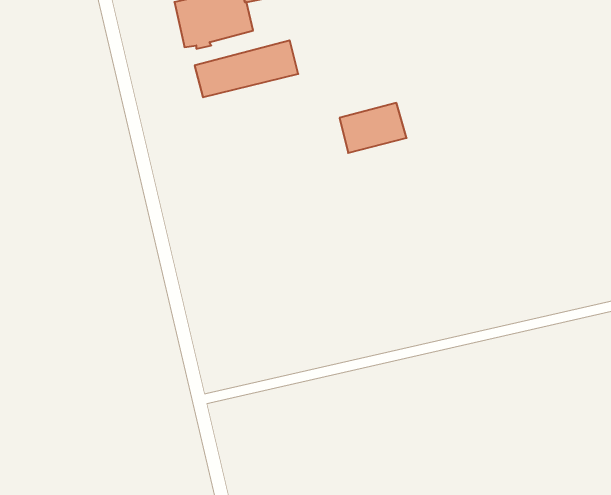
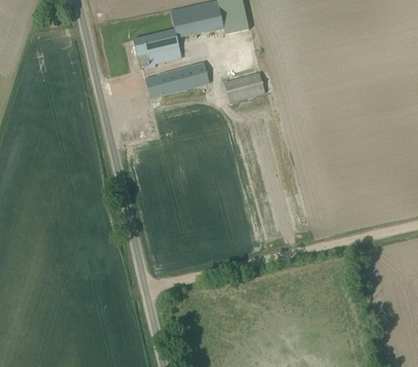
building: [340,103,407,153] -> [223,71,265,102]

